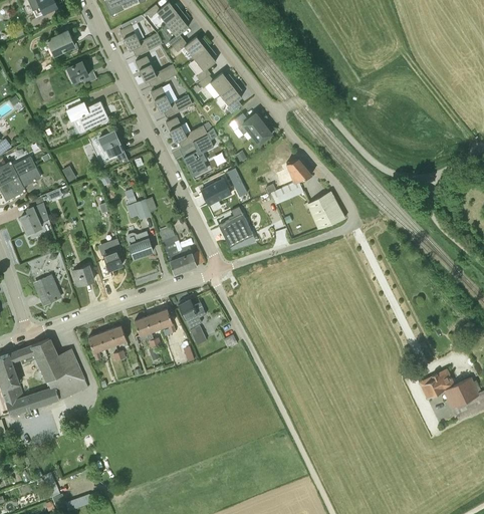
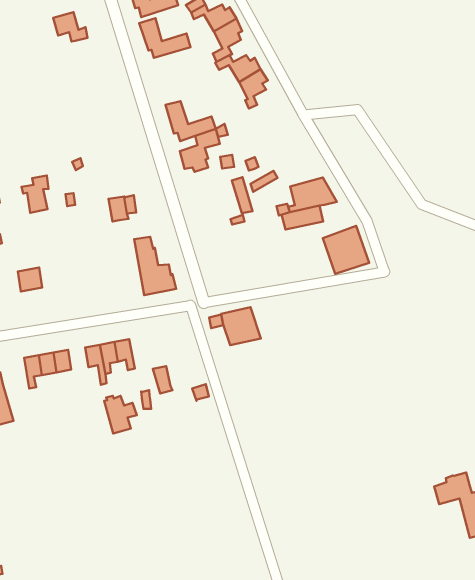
building: [151,86,193,117] -> none
building: [66,101,107,134] -> none
building: [228,113,272,145] -> none
building: [88,132,125,167] -> none
building: [202,177,231,202] -> none
building: [221,216,255,248] -> [221,307,261,345]
building: [126,232,153,258] -> none
building: [99,239,123,270] -> [22,176,48,213]
building: [178,299,205,329] -> [104,396,137,433]

